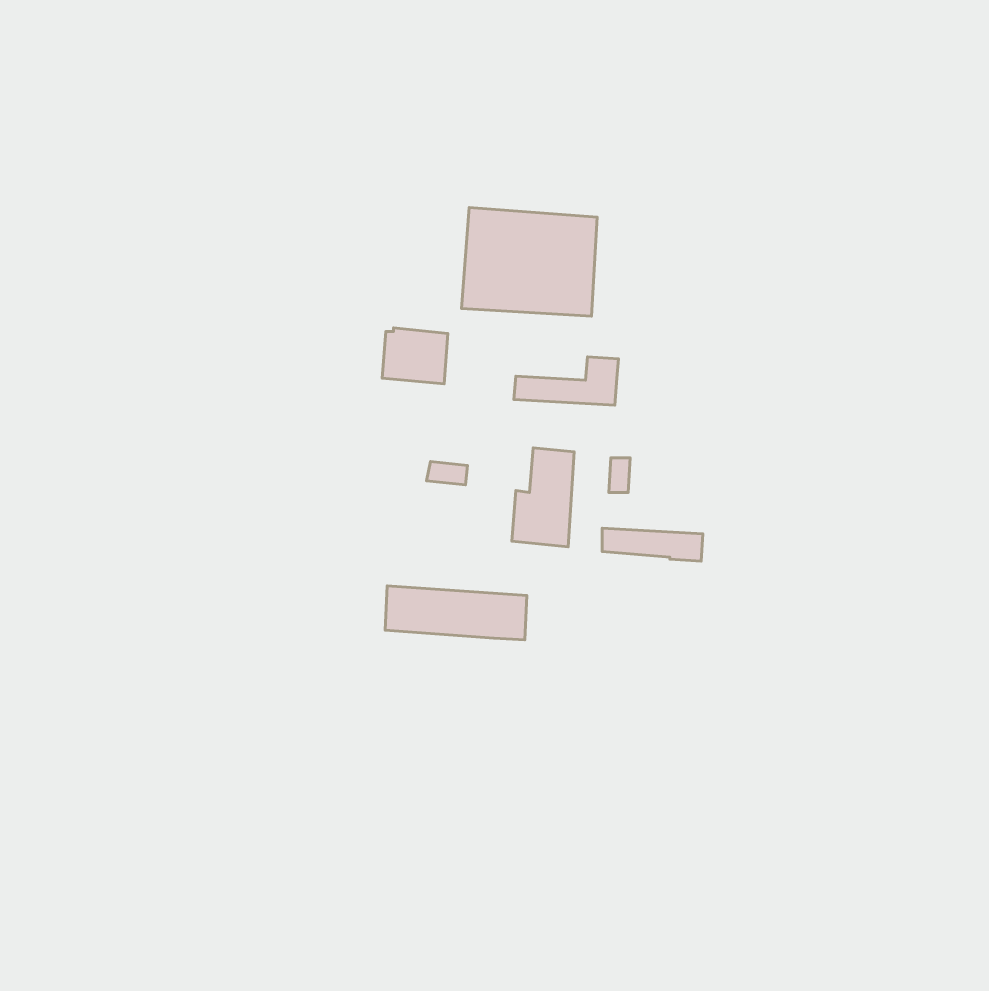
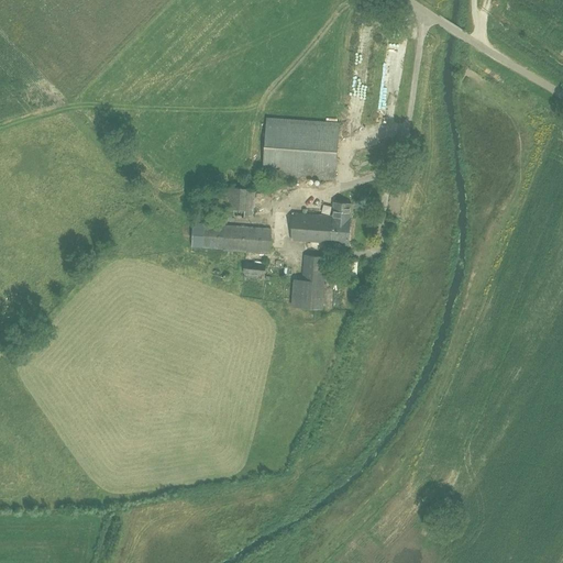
building: [602,528,703,561] -> [291,227,349,245]
building: [385,586,527,640] -> [190,222,271,253]

